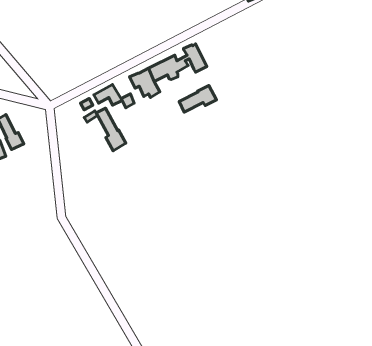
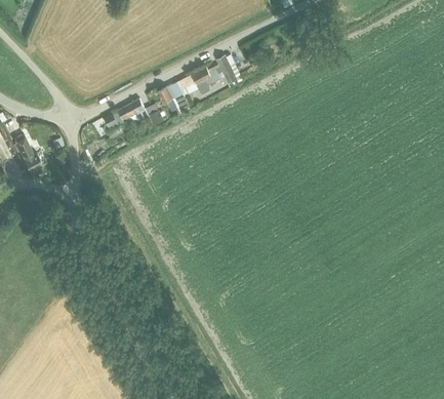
building: [179,85,217,112] -> none
building: [96,108,126,151] -> none

